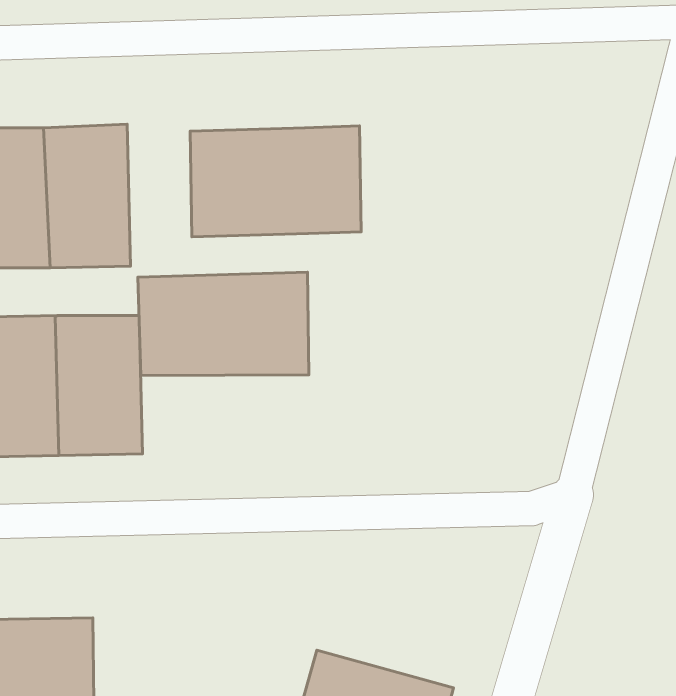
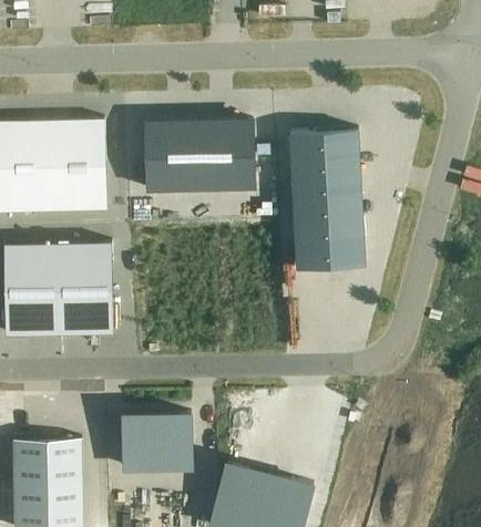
building: none -> [289,131,365,269]
building: [138,272,309,376] -> none
building: none -> [121,413,195,469]

